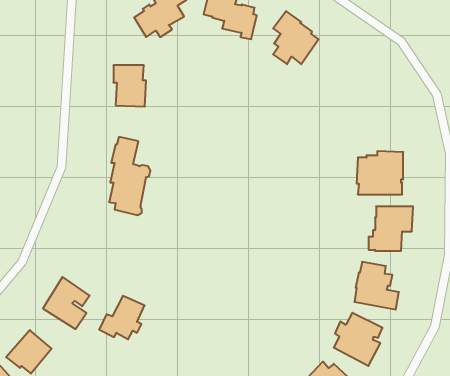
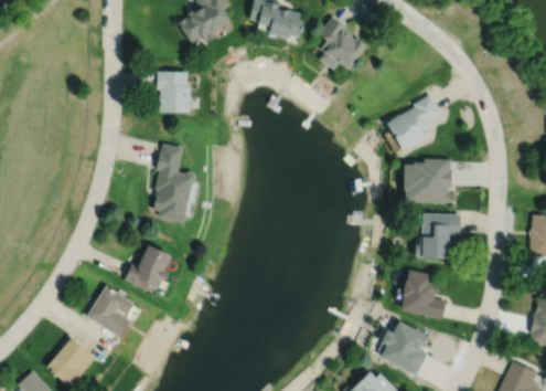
building: none -> [386,94,441,151]
building: [99,296,145,339] -> [124,245,170,289]

